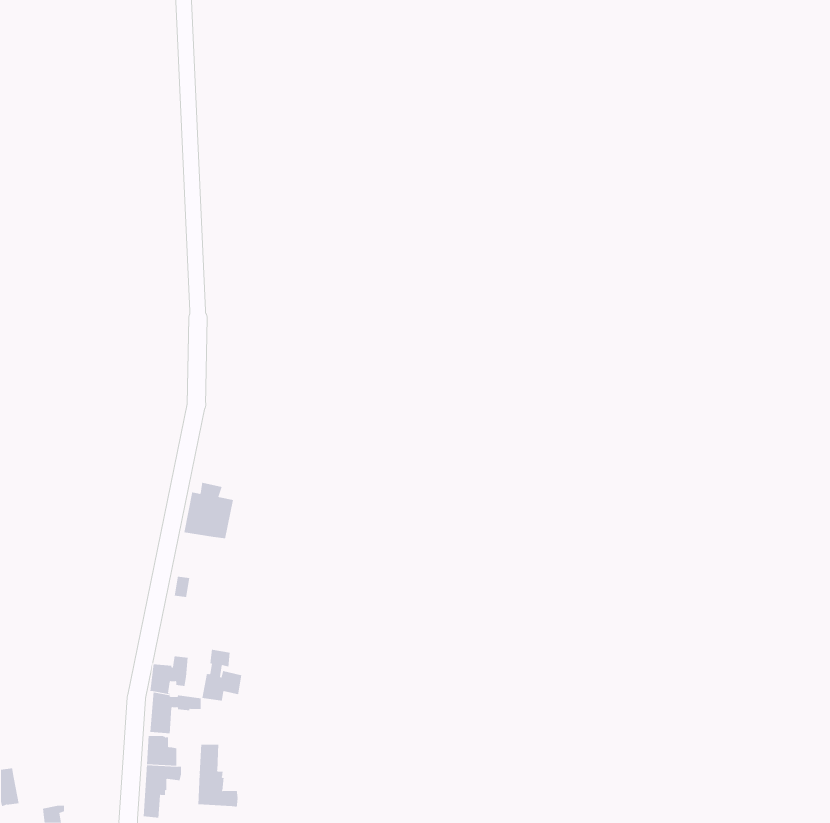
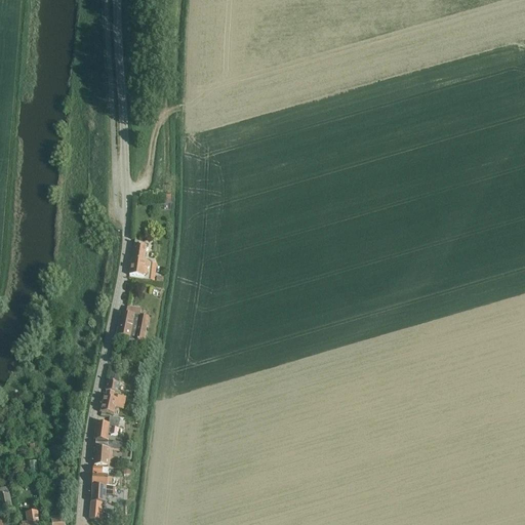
building: none -> [129,242,150,274]
building: [201,649,242,701] -> [100,378,126,411]
building: [198,744,238,808] -> none

